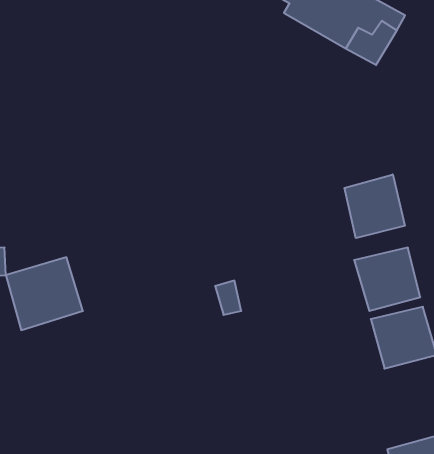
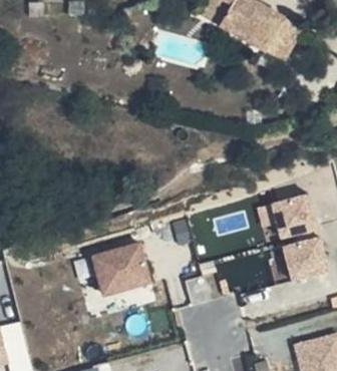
building: [344,174,405,238] -> none
building: [6,257,83,330] -> [88,245,144,298]

